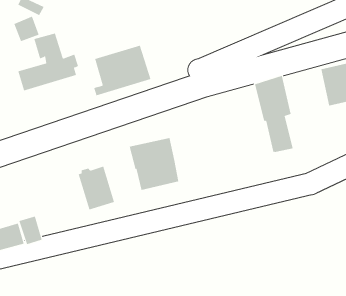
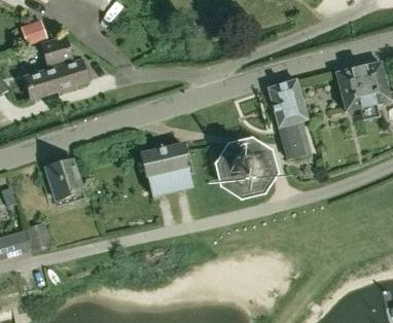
building: [94,45,151,96] -> none
building: none -> [228,150,264,186]
building: [78,166,115,210] -> [45,158,83,204]

